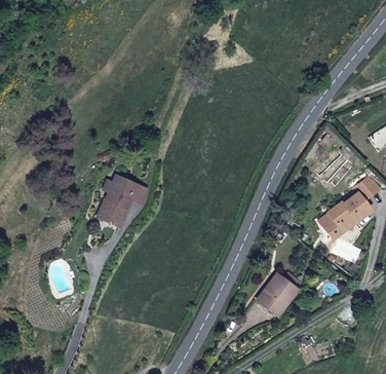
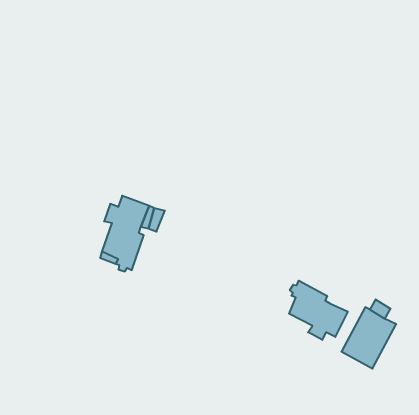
building: none -> [289,281,348,340]

